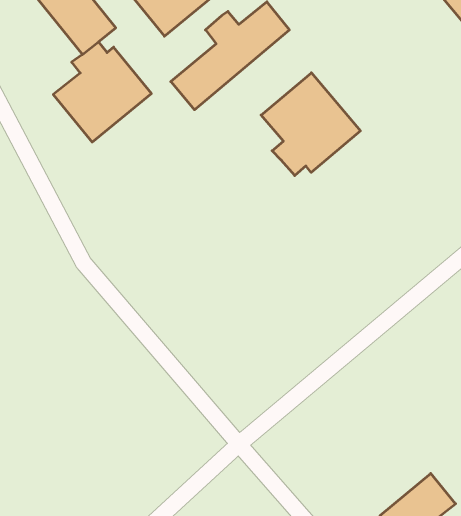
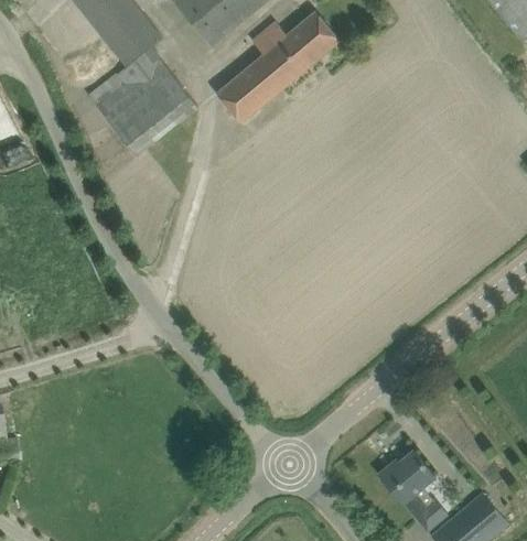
building: [261,73,360,176] -> none
building: none -> [378,451,437,530]

